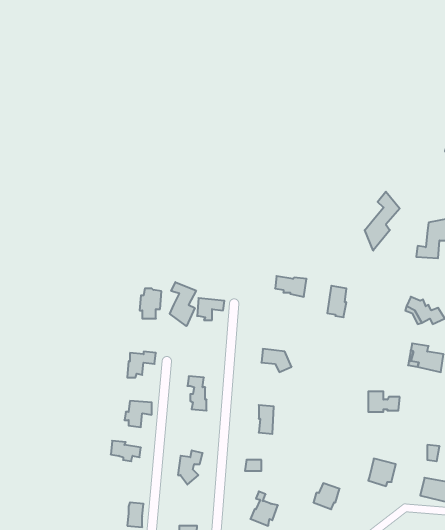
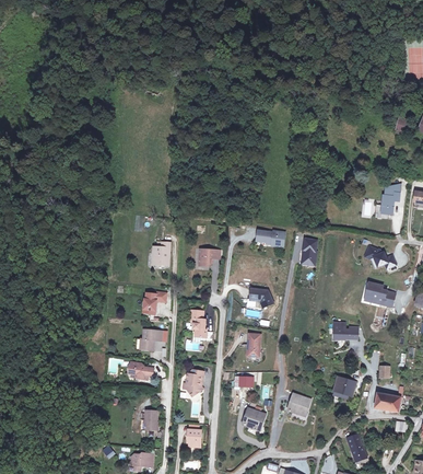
building: [365,192,400,251] -> none
building: [170,282,196,326] -> none

